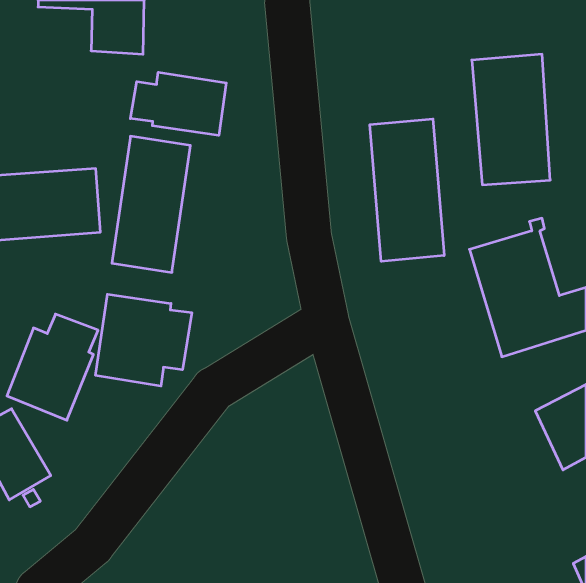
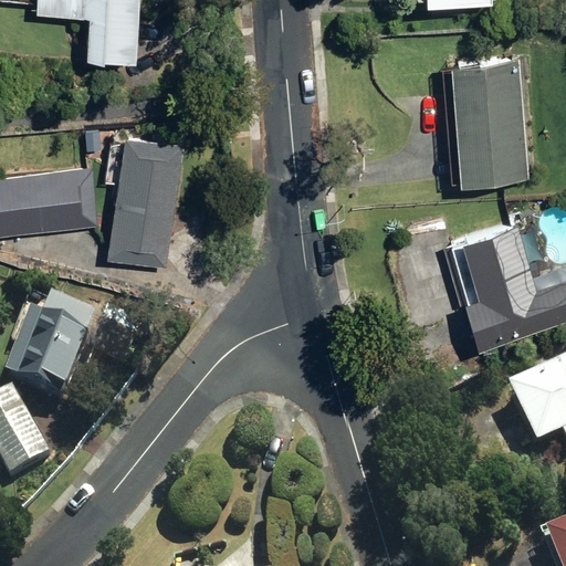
building: [130,72,226,135] -> none
building: [370,119,444,261] -> none
building: [96,294,192,386] -> none

